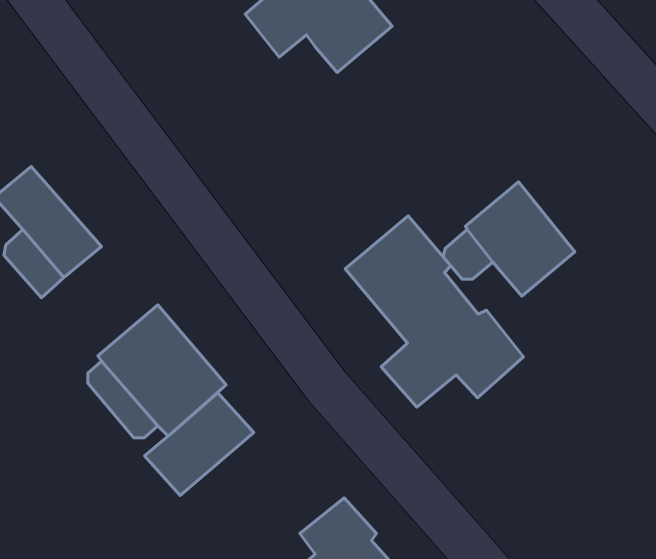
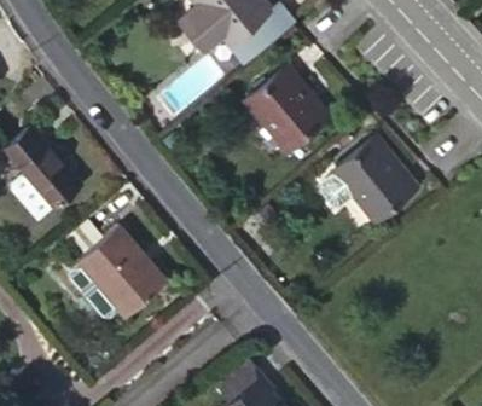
building: none -> [245,66,326,149]
building: [345,216,524,407] -> none
building: [144,393,254,496] -> none

